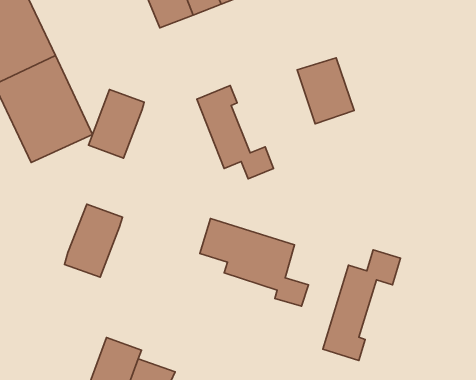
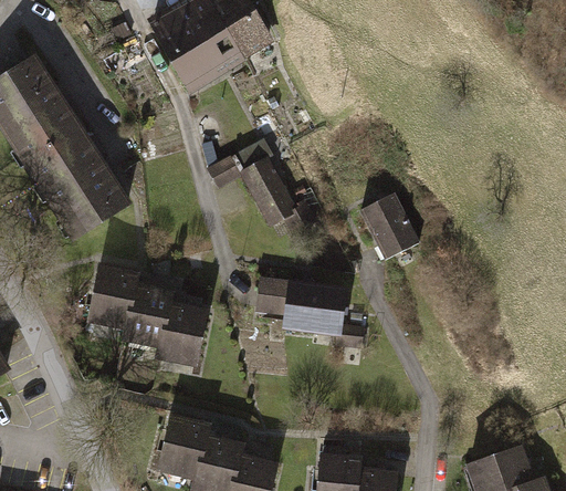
building: [297,58,354,124] -> [359,197,421,265]
building: [89,89,144,158] -> [83,259,134,326]
building: none -> [153,294,209,368]
building: [323,250,400,360] -> none

